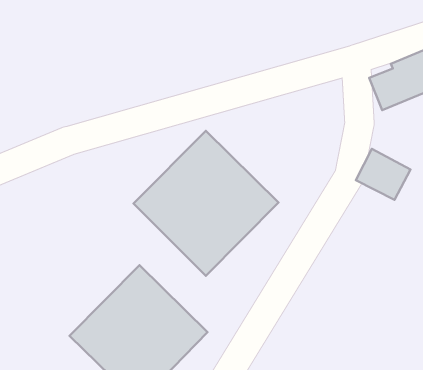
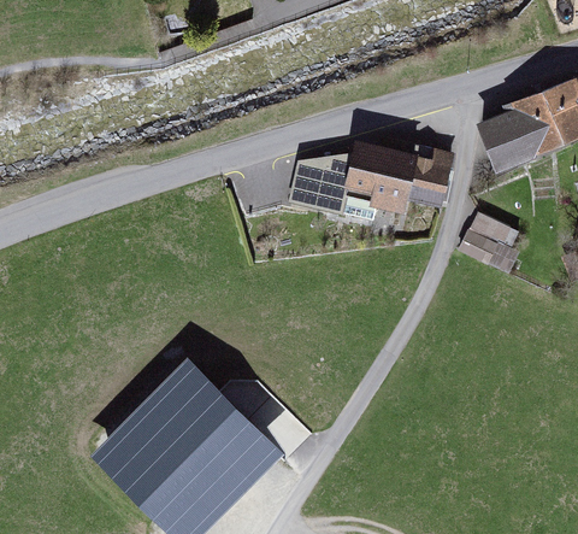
building: none -> [295,141,461,213]
building: [133,131,278,276] -> none

